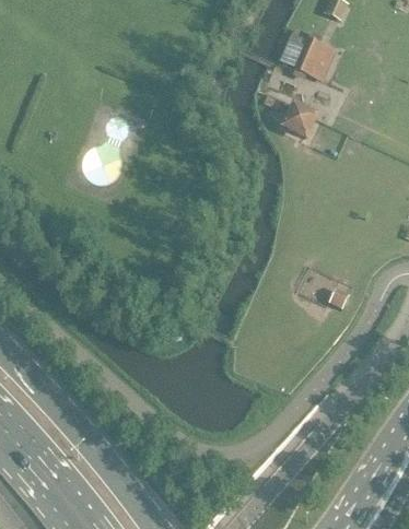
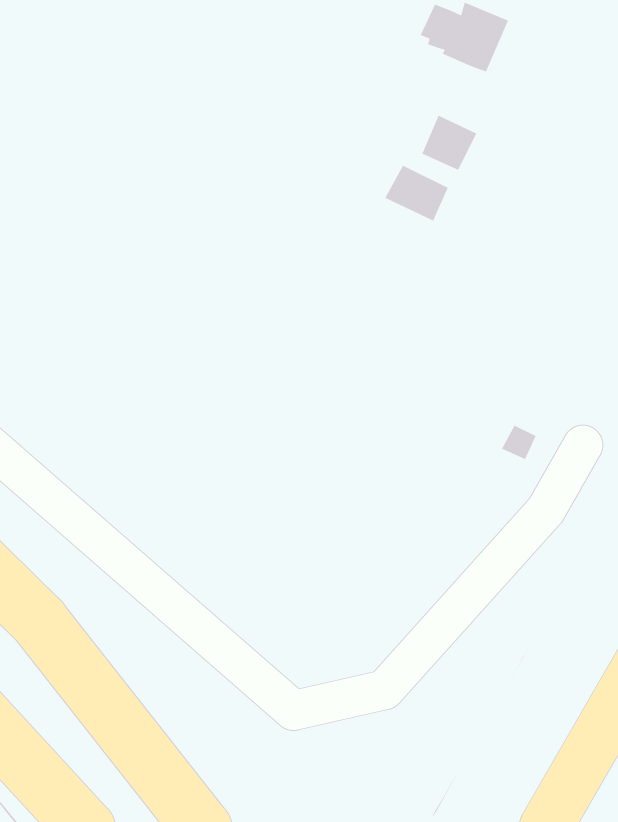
building: none -> [384,165,448,222]

